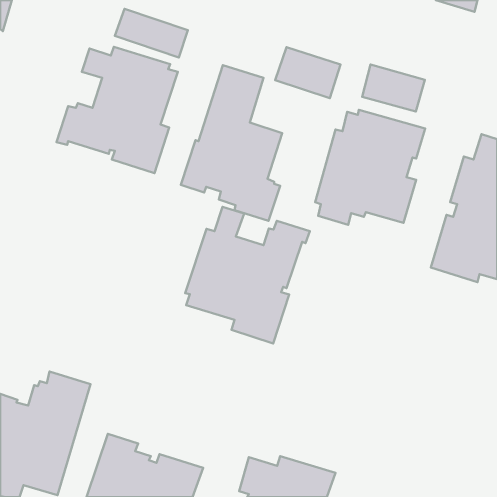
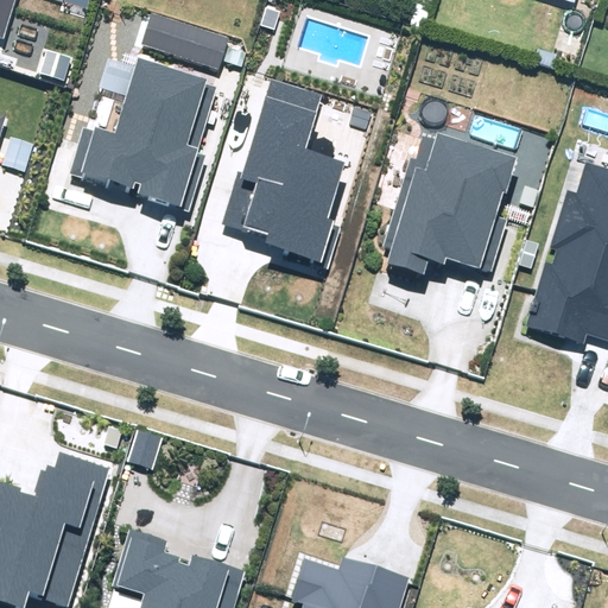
building: [275,47,340,98] -> none
building: [362,65,425,111] -> none
building: [185,207,310,343] -> none

